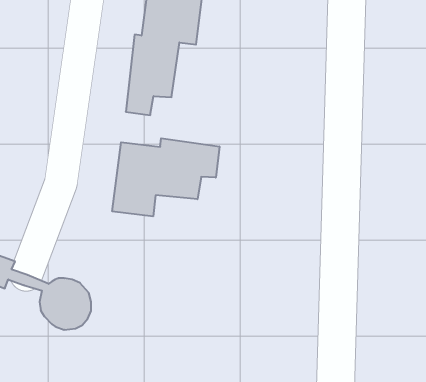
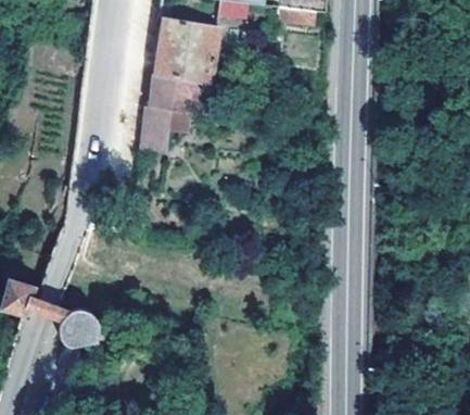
building: [112,138,219,216] -> none

